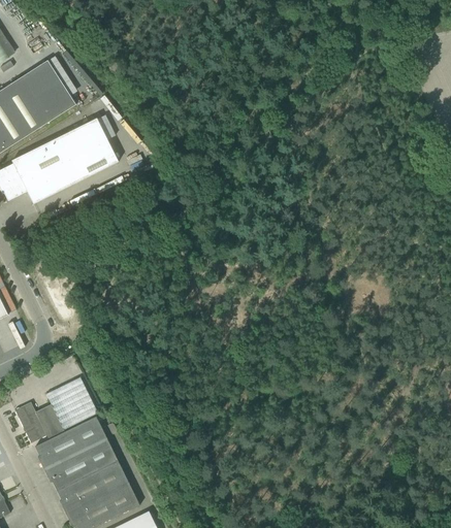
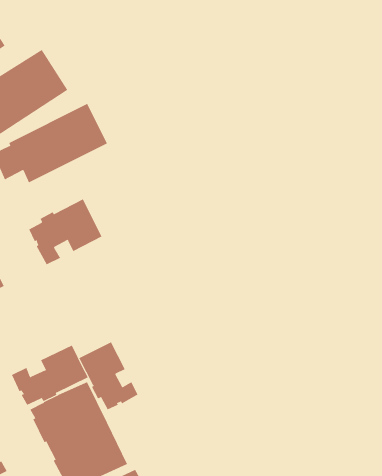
building: none -> [28,199,102,265]
building: none -> [79,342,138,410]

